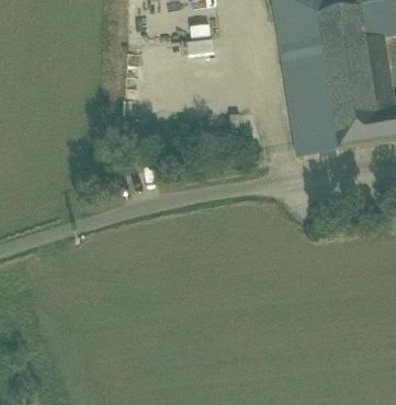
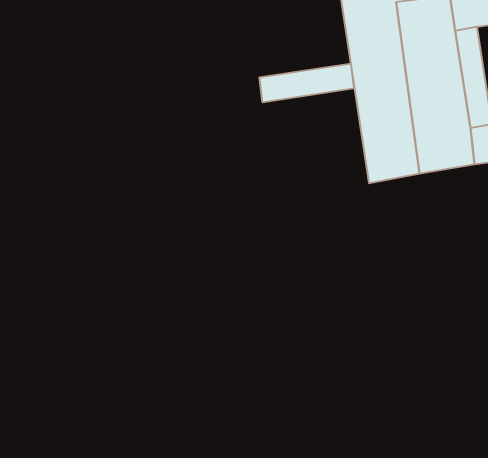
building: none -> [260,63,354,102]

